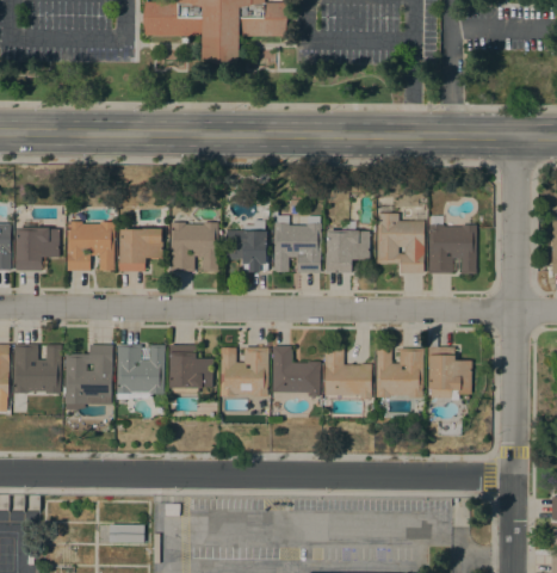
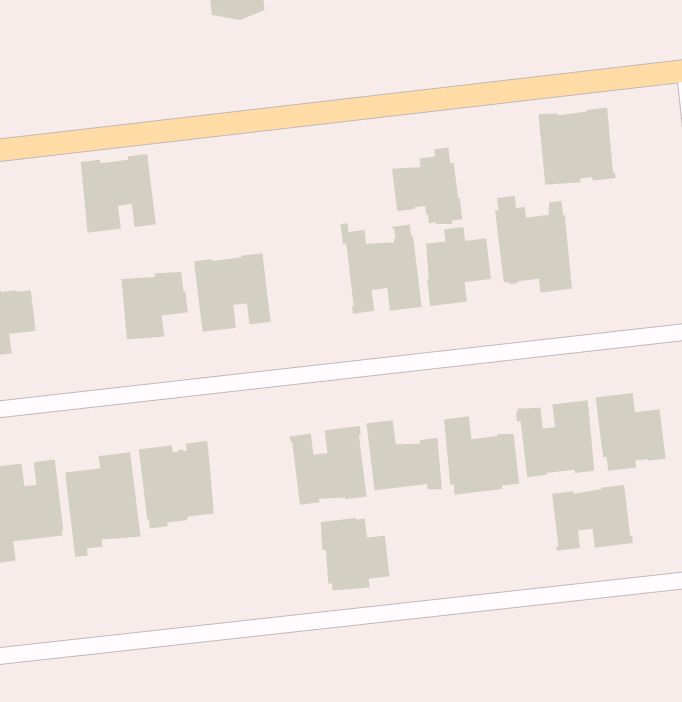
building: [223,220,267,272] -> [391,147,463,225]
building: [66,221,113,270] -> [80,153,157,233]
building: [427,223,476,273] -> [538,107,616,185]
building: [168,344,212,393] -> [320,517,391,591]
building: none -> [551,484,634,552]

